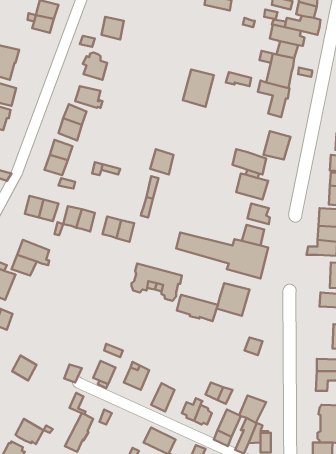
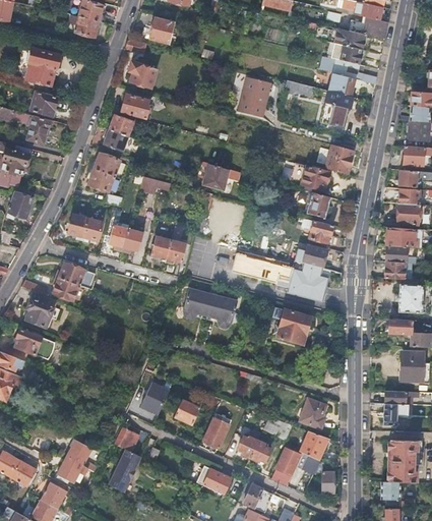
building: [177,295,218,321] -> none
building: [12,355,37,381] -> [65,439,91,466]
building: none -> [299,398,325,429]

